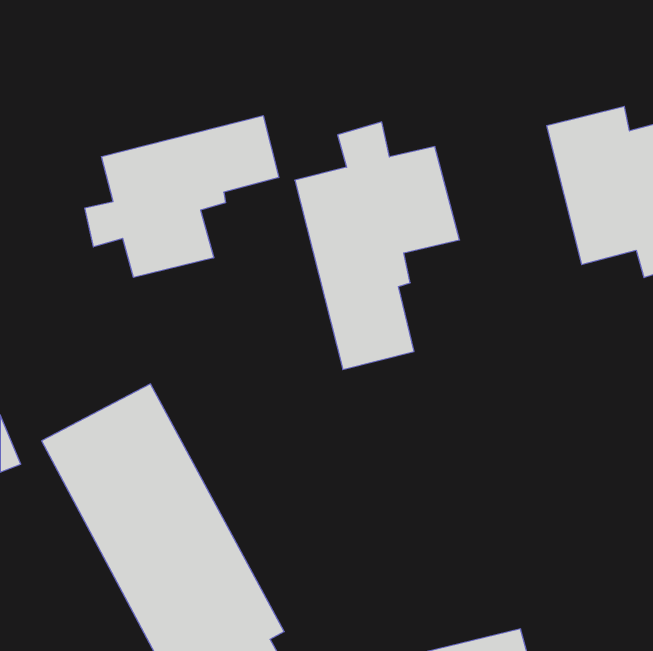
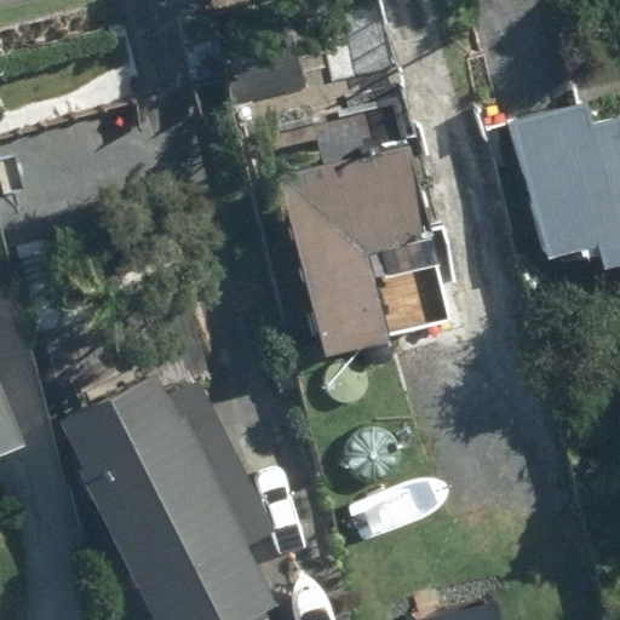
building: [85,116,279,277] -> none

